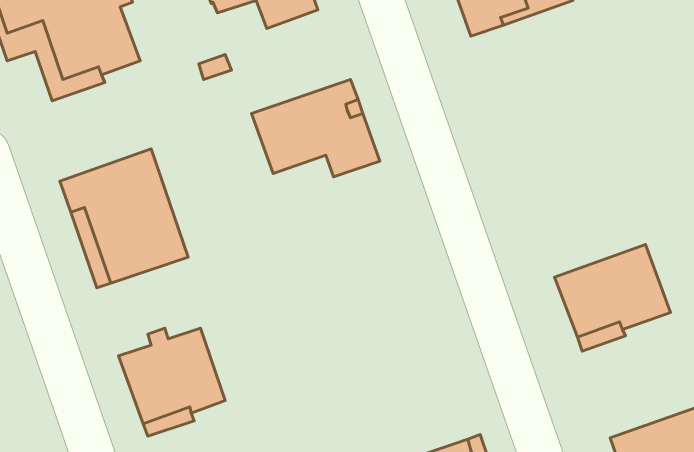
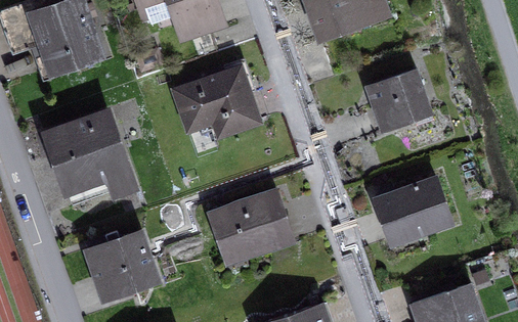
building: none -> [366,70,433,129]
building: none -> [208,194,294,259]

